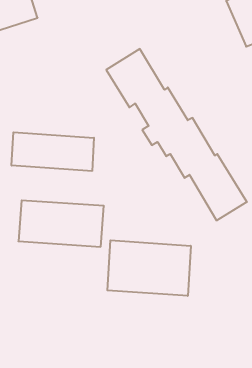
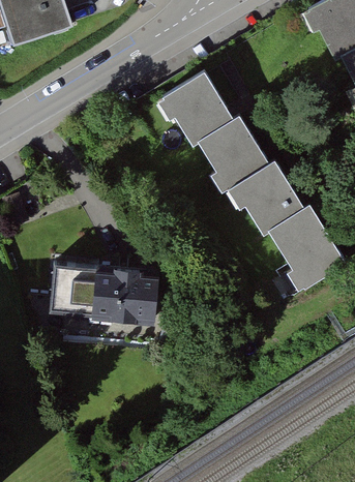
building: [12,132,94,171] -> none
building: [107,240,191,296] -> none

